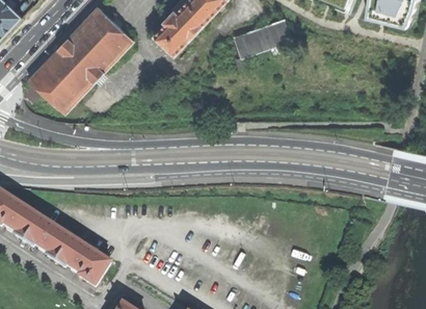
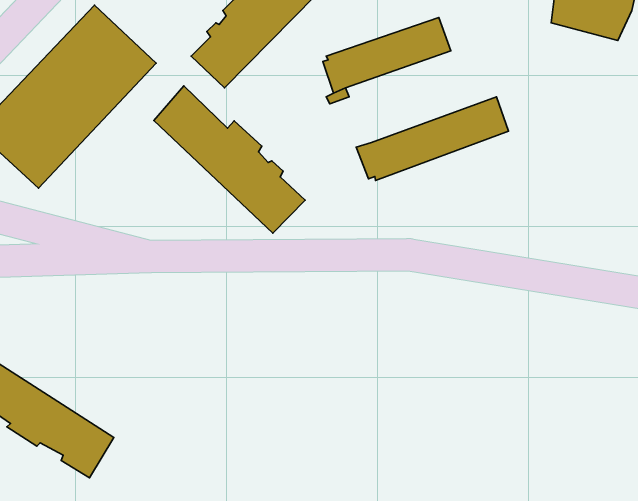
building: none -> [154,86,305,233]
building: none -> [356,97,509,181]

